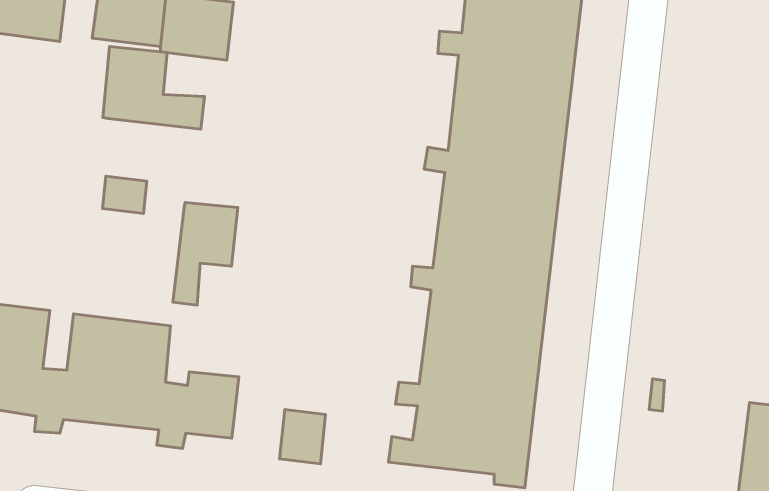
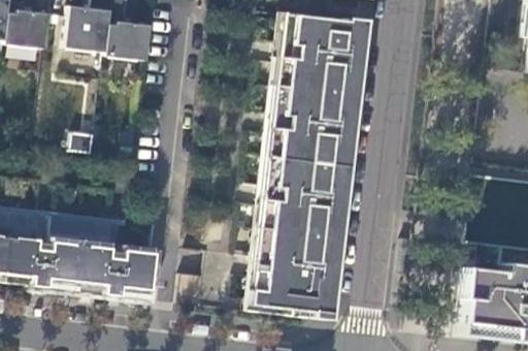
building: [103,47,204,129] -> none
building: [173,202,238,305] -> none

